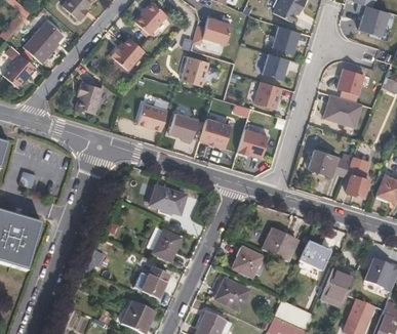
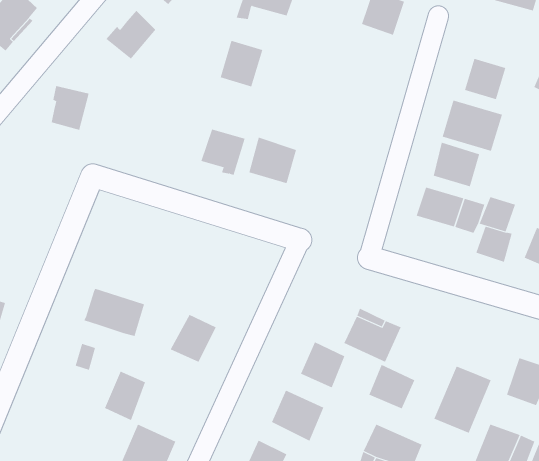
building: [261,48,287,79] -> none
building: [254,81,282,109] -> none
building: [138,103,168,131] -> none
building: none -> [433,142,480,187]
building: [237,128,268,158] -> none
building: [148,183,187,214] -> [84,288,145,336]
building: [301,238,330,266] -> [368,364,415,409]
building: [142,267,168,299] -> [104,371,146,421]

